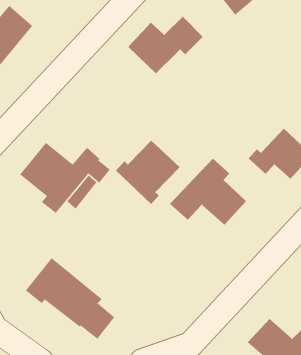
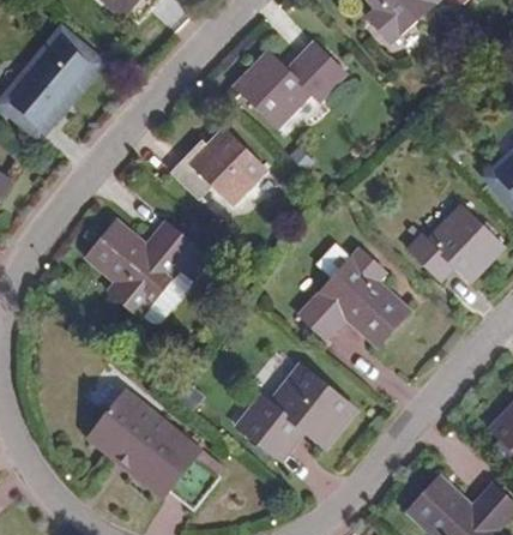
building: [115,140,180,205] -> [171,131,265,224]
building: none -> [246,372,354,459]

